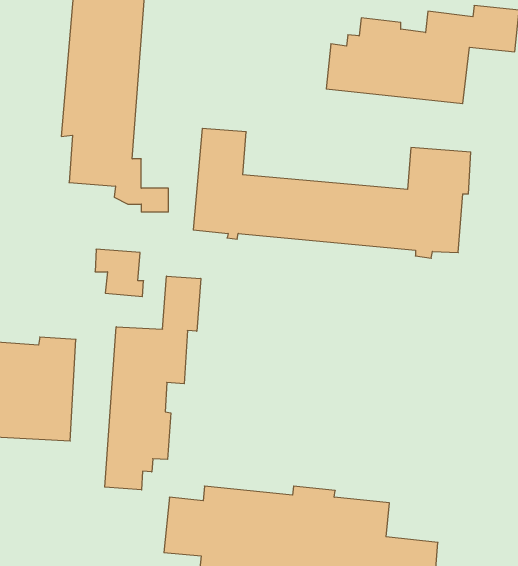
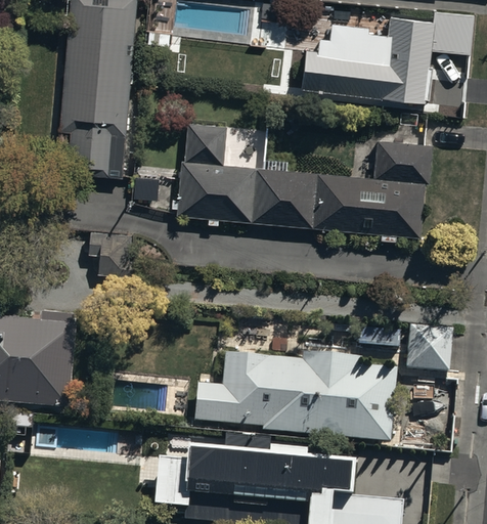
building: [105,276,201,490] -> none
building: none -> [405,324,453,372]
building: none -> [194,351,398,442]

